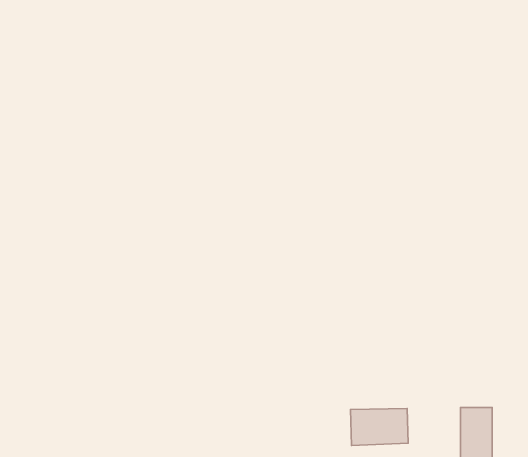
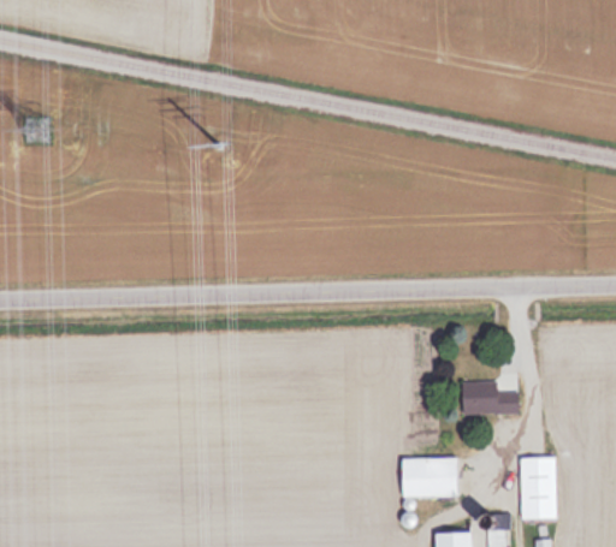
building: none -> [462,381,521,415]

